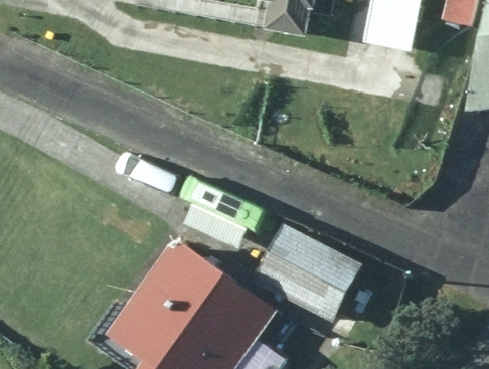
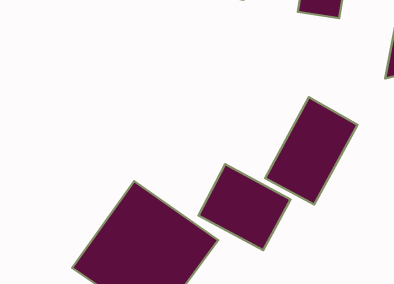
building: none -> [265,97,357,204]

